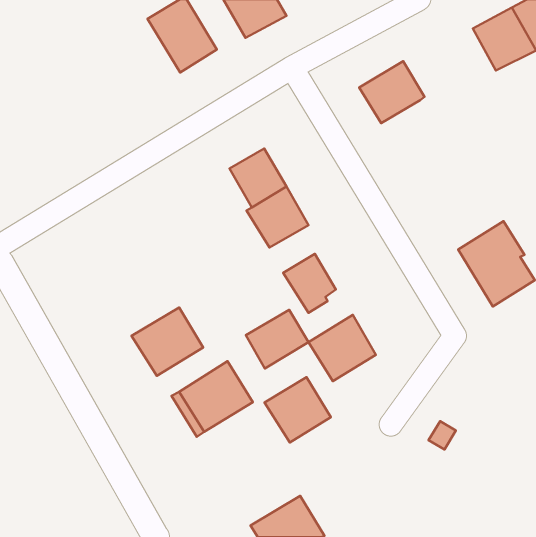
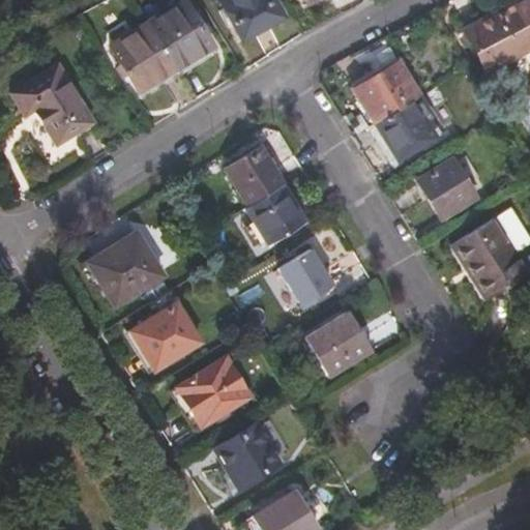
building: none -> [110,19,179,94]
building: none -> [13,63,95,145]
building: none -> [377,98,437,159]
building: none -> [417,157,477,219]
building: none -> [88,232,163,304]
building: [246,310,309,369] -> none
building: [264,377,331,443] -> [215,422,281,487]

